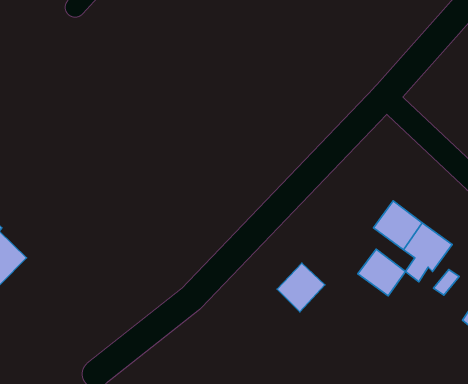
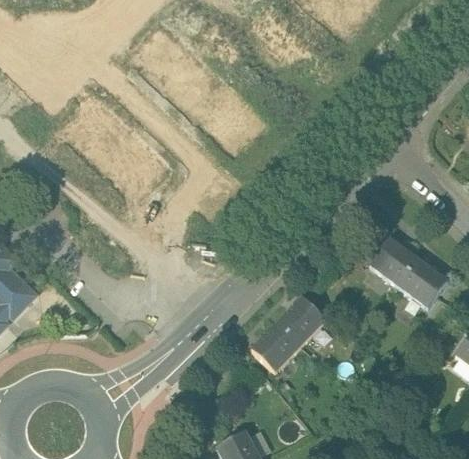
building: [358,249,405,296] -> none
building: none -> [252,323,299,370]

